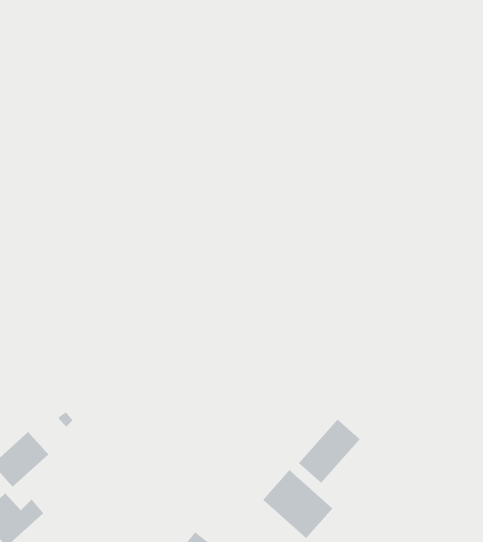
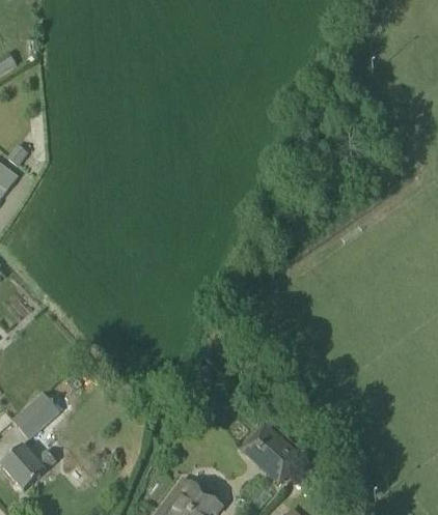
building: [298,419,360,484] -> none

